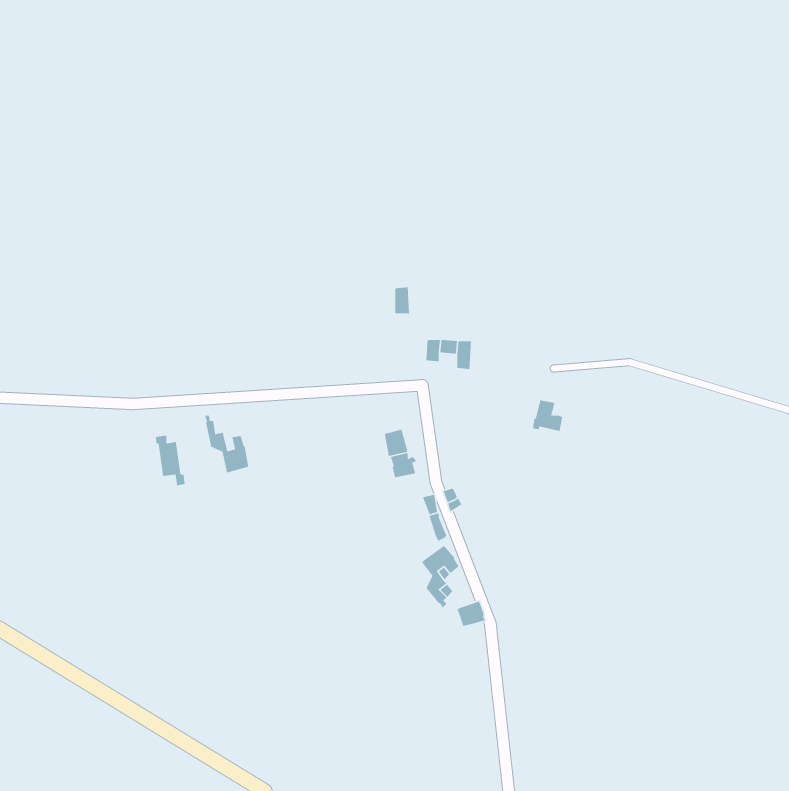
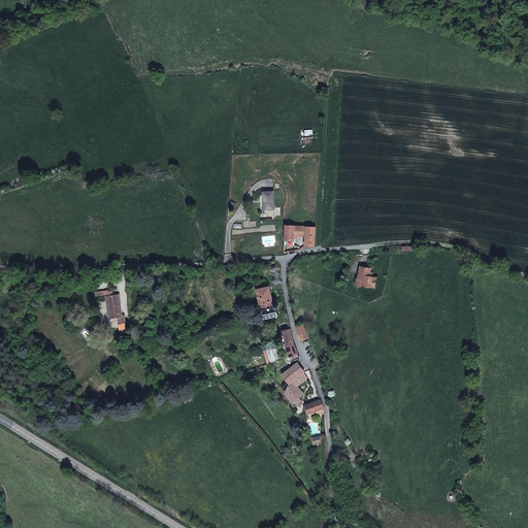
building: [204,415,249,474] -> none

